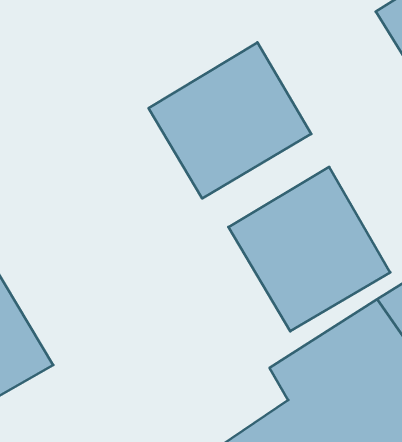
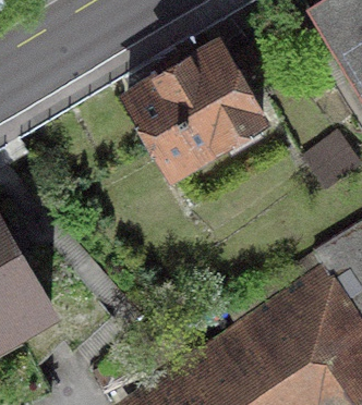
building: [228,167,390,331] -> none

